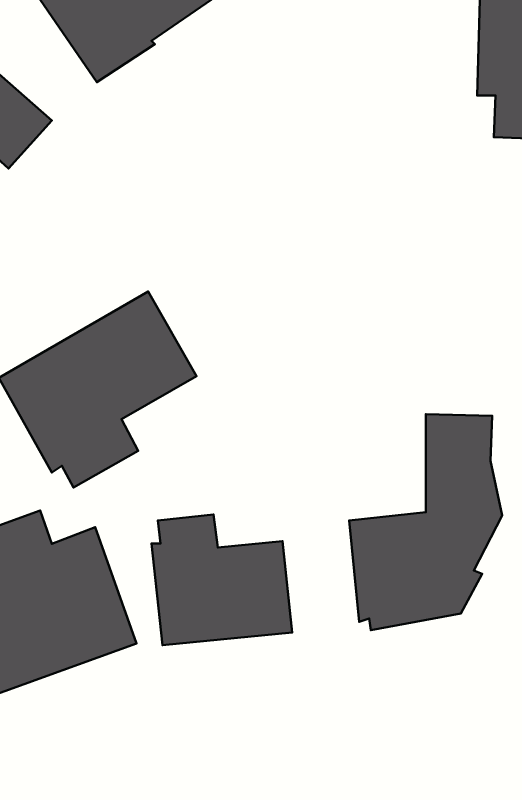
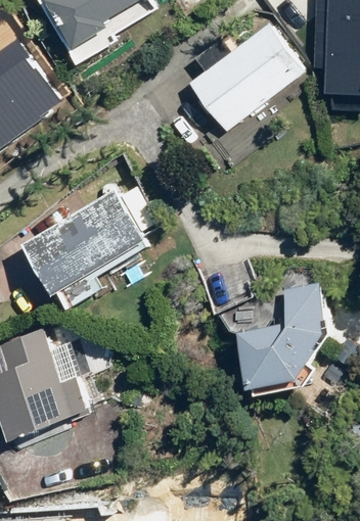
building: none -> [188,25,304,132]
building: [152,514,292,645] -> none

